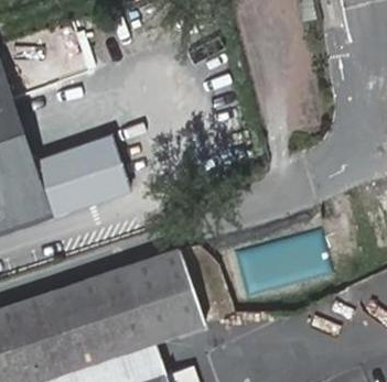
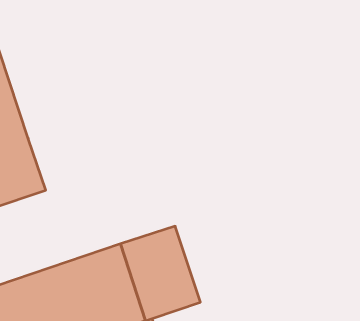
building: [32,137,129,214] -> none

